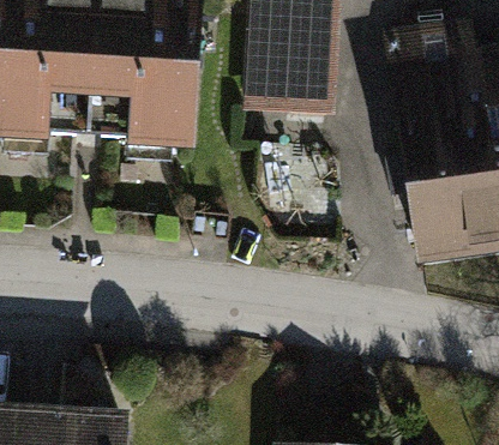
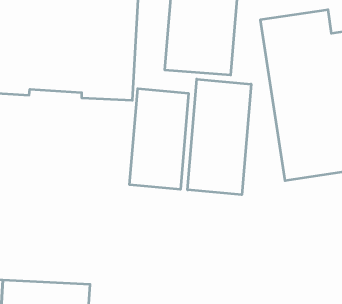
building: none -> [188,79,251,195]
building: none -> [130,89,188,189]

